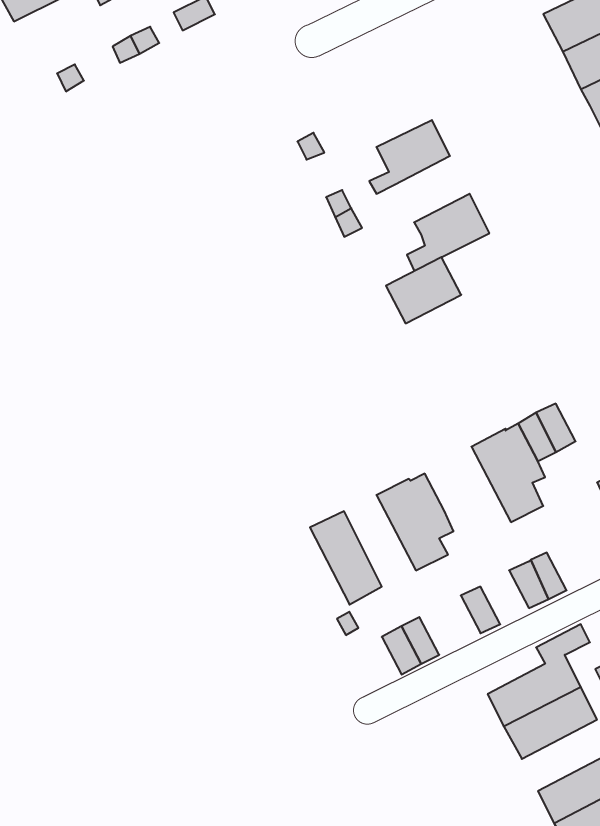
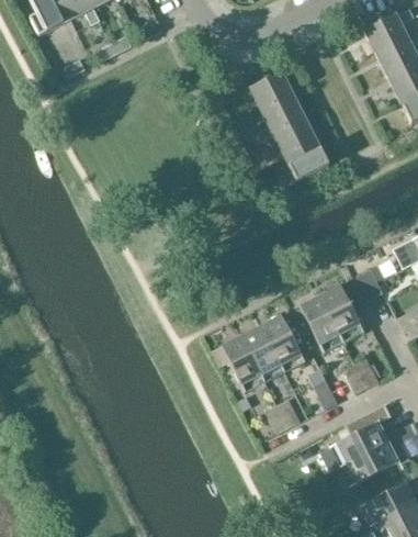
building: none -> [249,70,295,111]
building: [386,257,461,323] -> [272,116,318,157]
building: none -> [291,294,343,350]
building: none -> [241,324,285,380]

